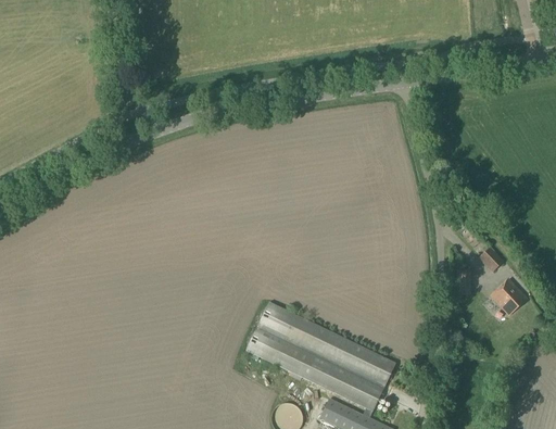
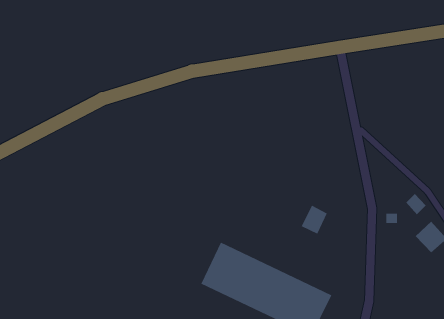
building: none -> [301,205,328,235]

